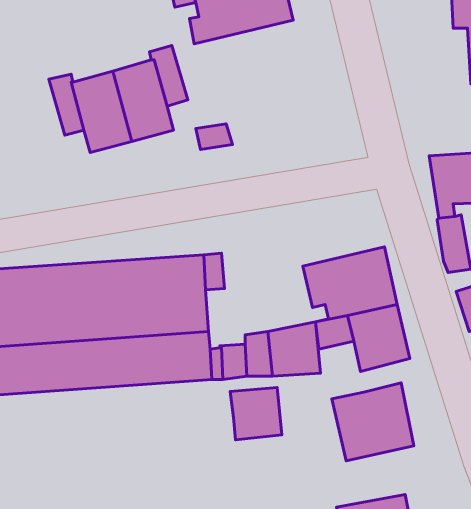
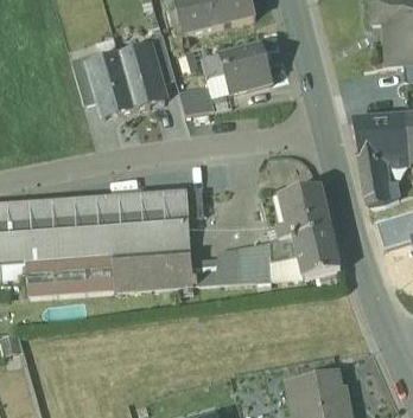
building: none -> [202,41,271,90]
building: [332,383,414,461] -> none
building: [230,388,282,440] -> none

